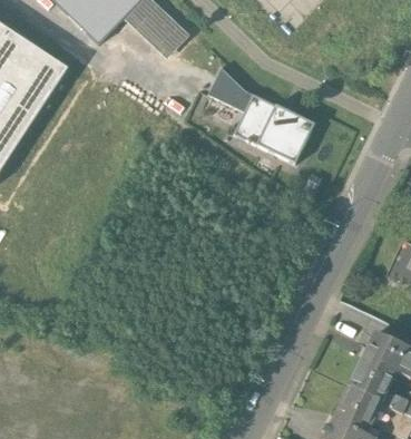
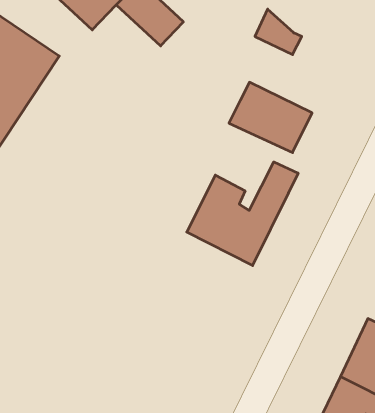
building: [208,68,254,113] -> [255,9,302,55]
building: none -> [187,162,298,266]

